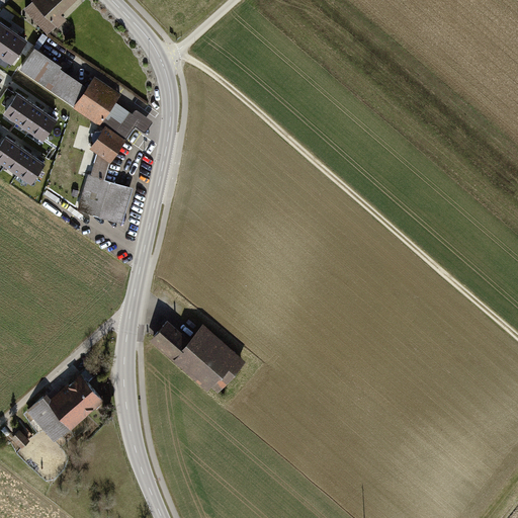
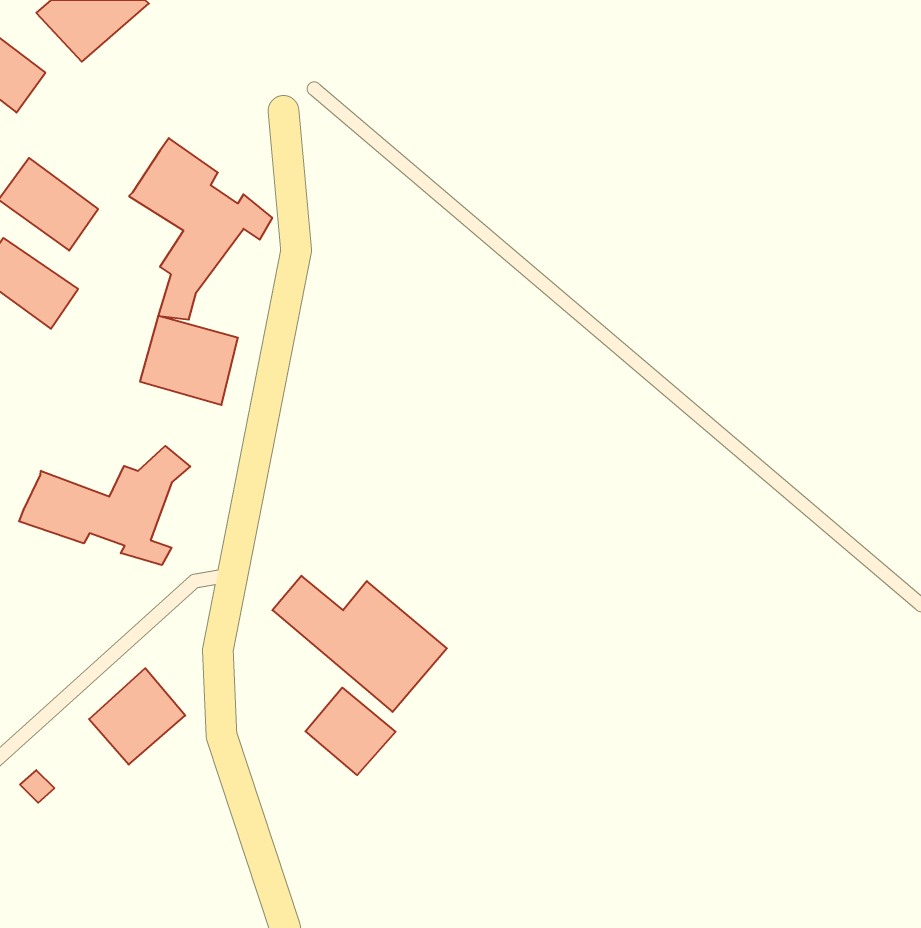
building: [19,48,89,107] -> none
building: none -> [19,446,190,565]
building: none -> [305,688,396,775]
building: [25,397,70,442] -> none

